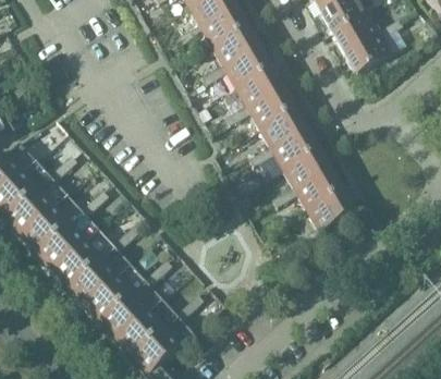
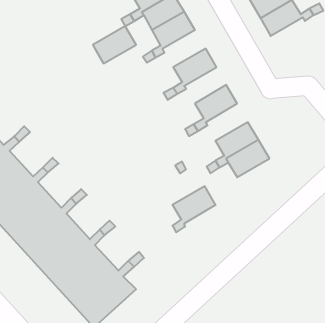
building: [340,28,388,71] -> none
building: [220,42,268,84] -> [93,26,136,63]
building: [244,84,291,124] -> none
building: [268,124,315,166] -> none
building: [303,185,351,236] -> [172,186,216,232]

